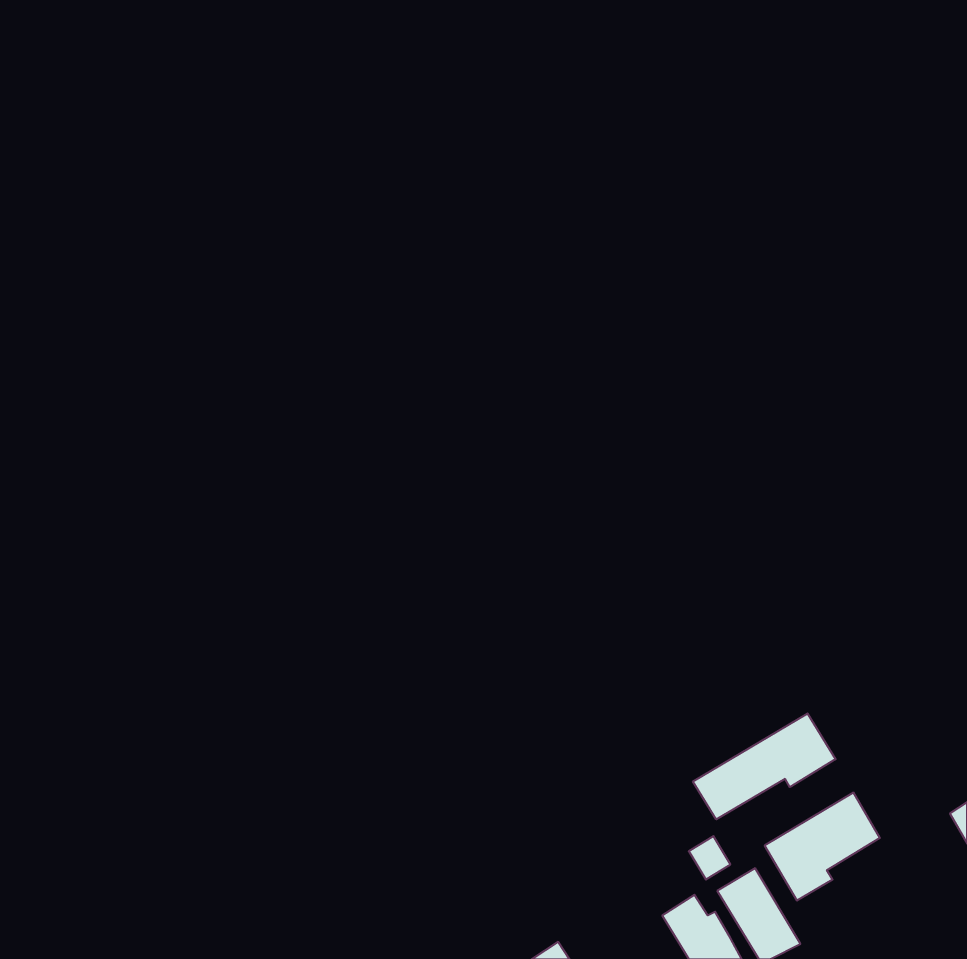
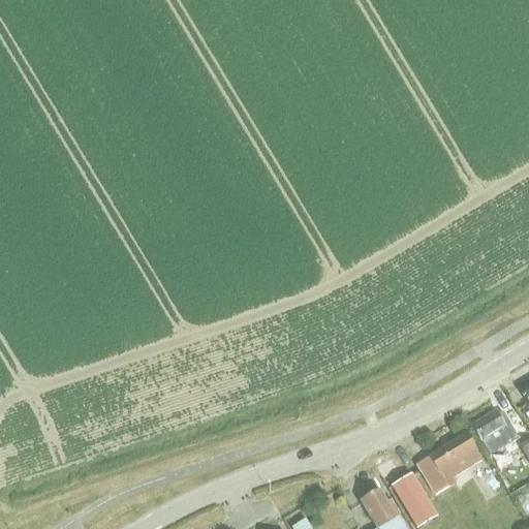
building: [693,713,836,819] -> none
building: none -> [472,408,517,453]

